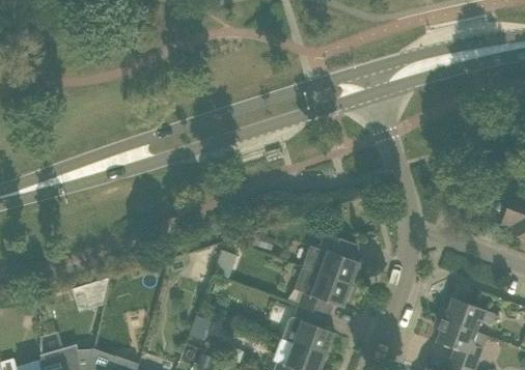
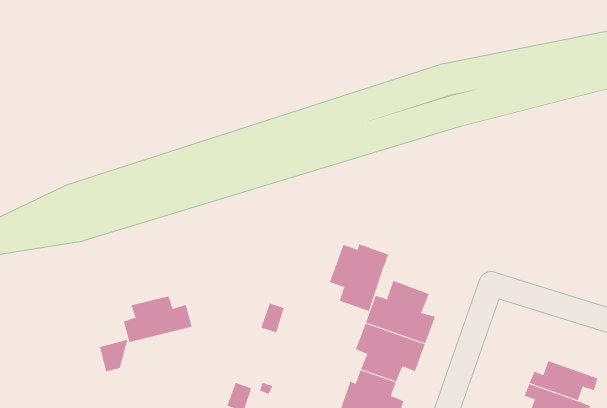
building: none -> [329,243,389,312]
building: none -> [123,295,192,343]

